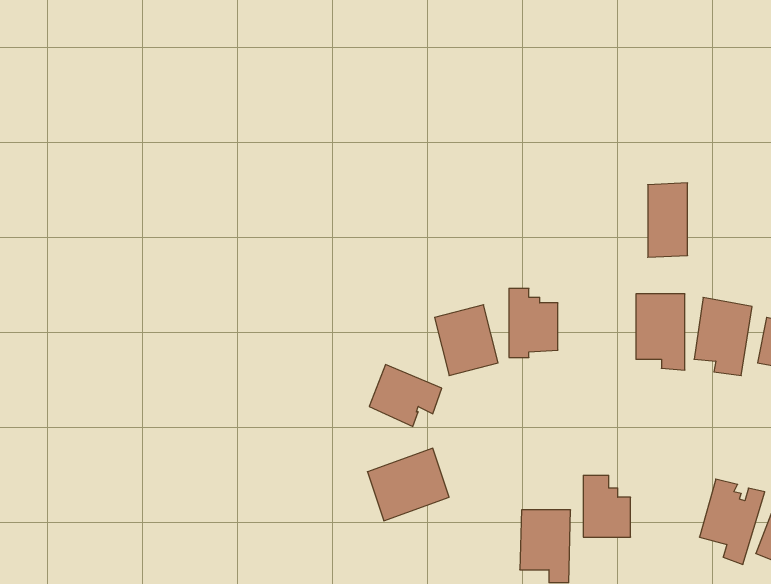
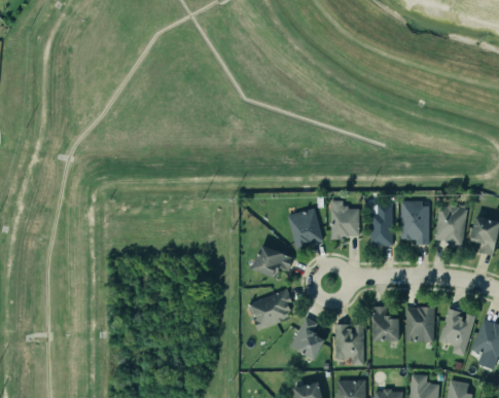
building: [648,183,688,257] -> [370,205,393,247]
building: none -> [403,305,433,341]
building: none -> [290,317,325,360]

